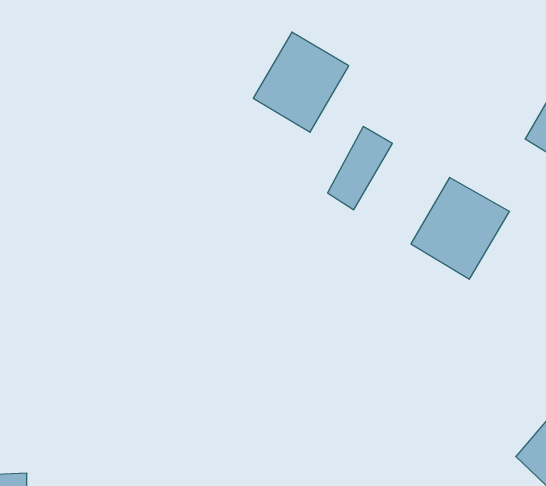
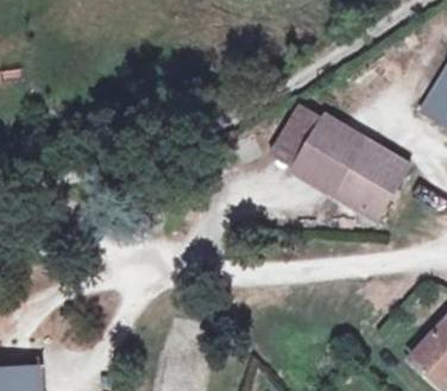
building: [253,32,349,132] -> [290,116,364,194]

